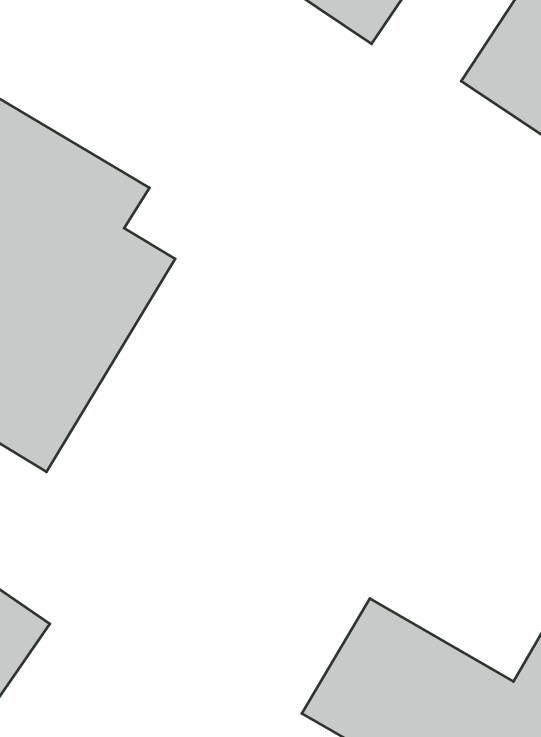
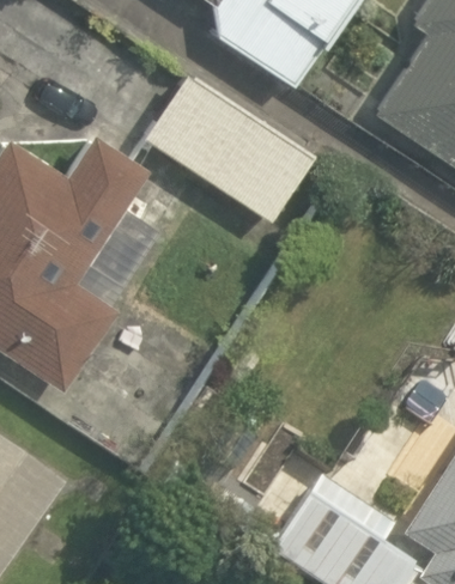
building: none -> [145,67,318,226]

